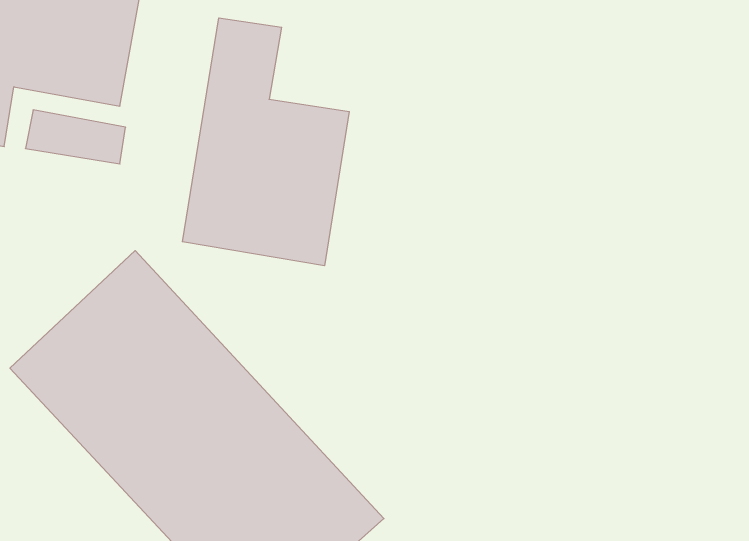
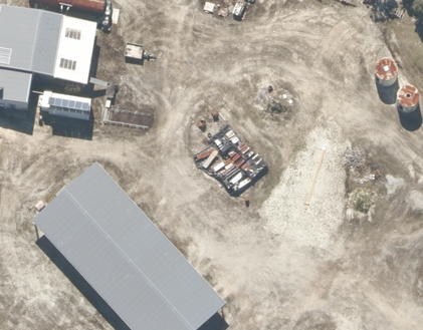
building: [182,18,349,266] -> none

